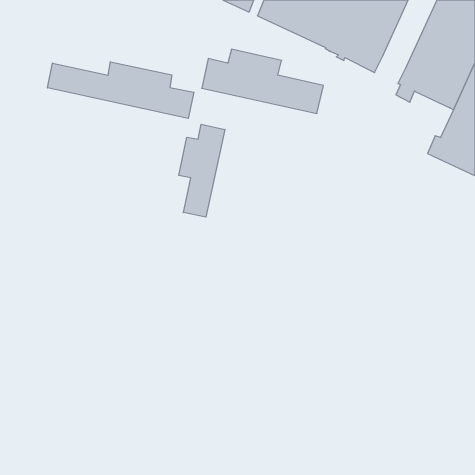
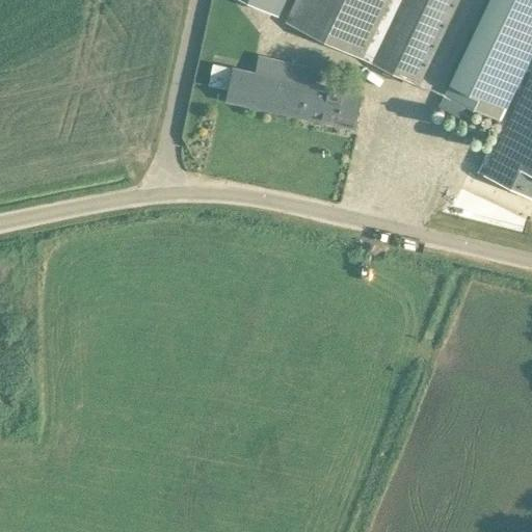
building: [48,62,194,118] -> none
building: [179,124,225,217] -> none

